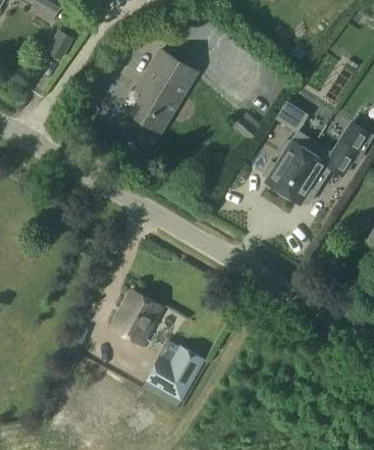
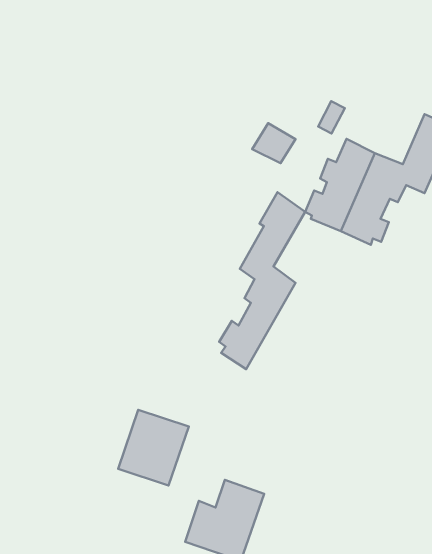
building: [124,49,197,132] -> none
building: none -> [219,192,305,369]

